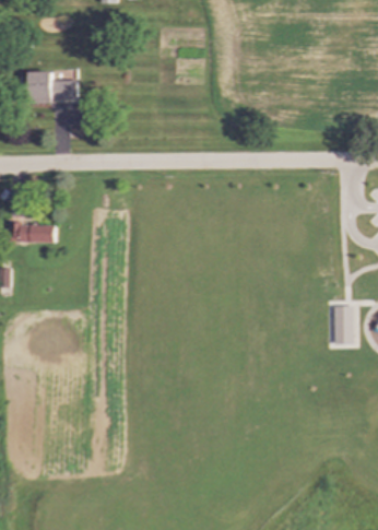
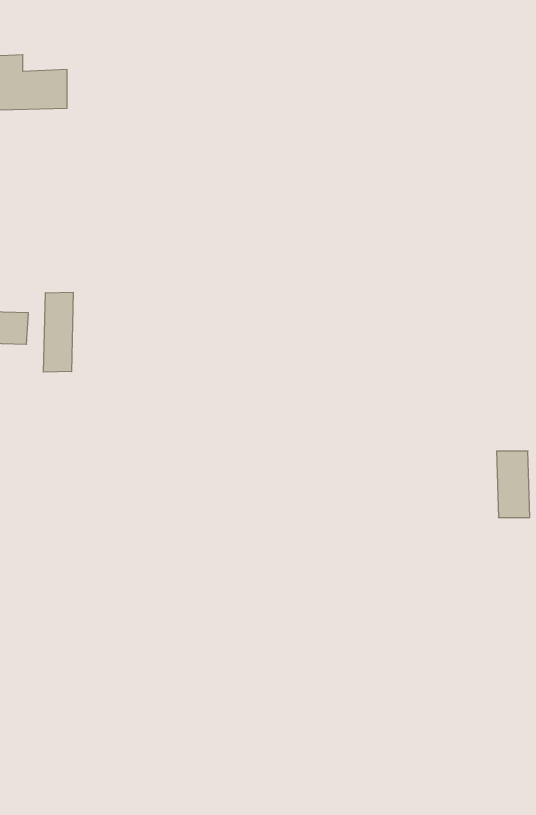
building: none -> [44,292,73,372]

